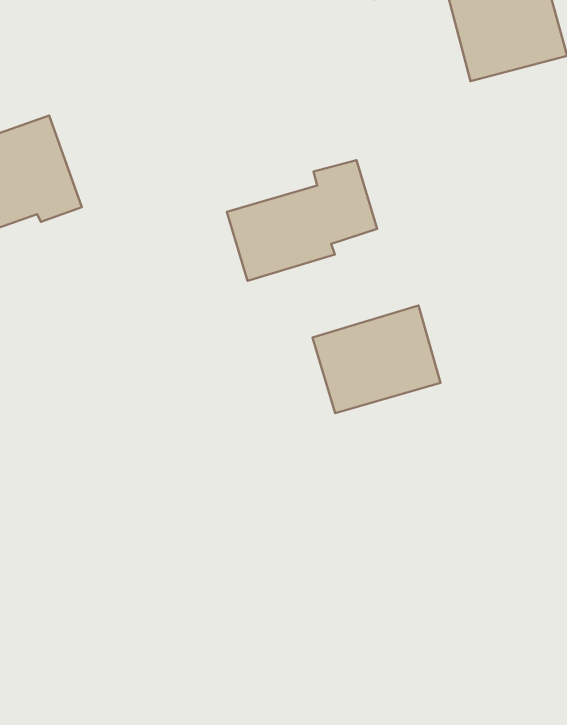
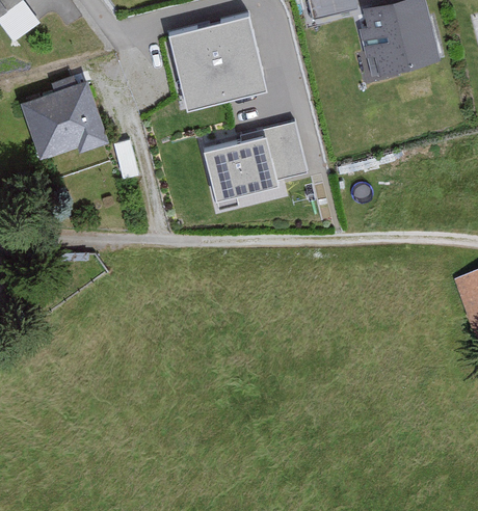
building: none -> [171,19,264,107]
building: [312,306,440,413] -> none

